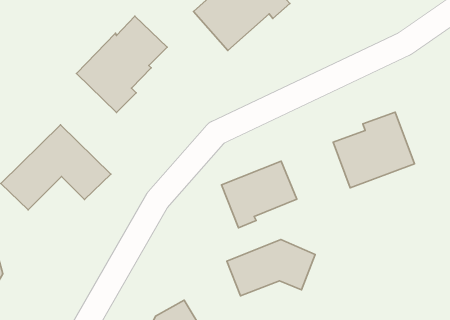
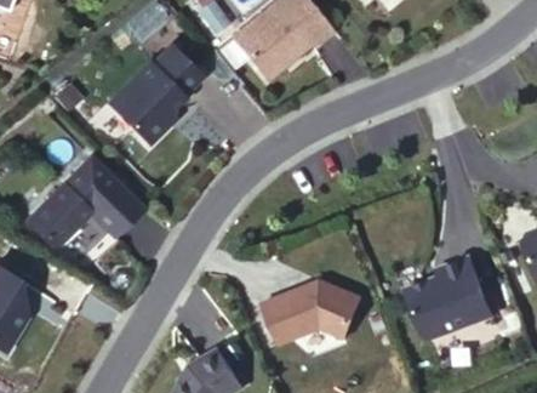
building: [333,112,415,188] -> [406,249,492,329]
building: [221,161,297,228] -> none

